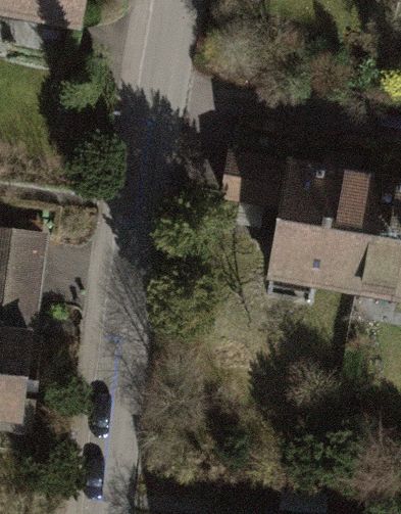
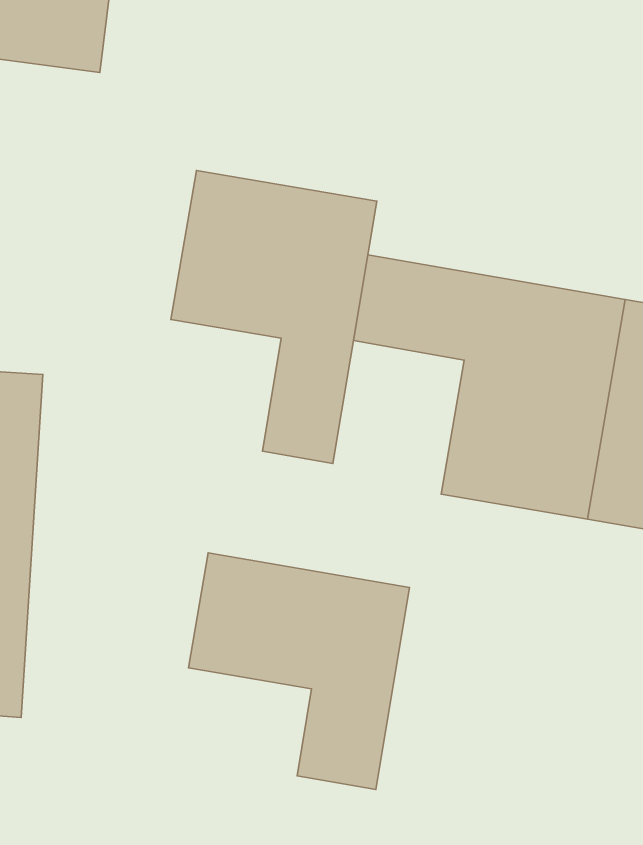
building: none -> [171,170,377,463]
building: none -> [188,553,410,790]

